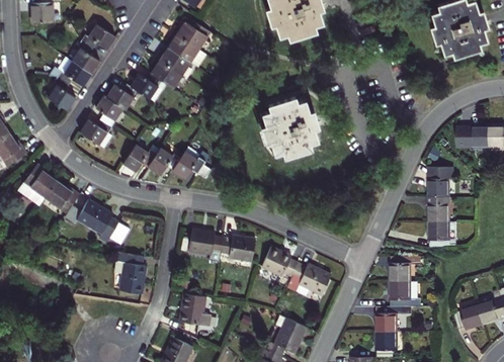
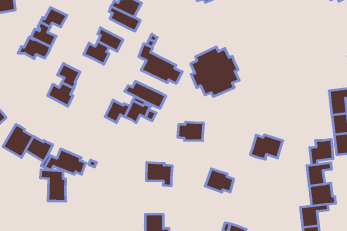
building: [155,47,190,75] -> none
building: [48,77,75,110] -> none
building: none -> [139,44,182,83]
building: [106,84,139,109] -> none
building: none -> [125,81,166,108]
building: [121,145,155,173] -> none
building: none -> [310,139,333,165]
building: [221,236,255,261] -> [178,122,204,141]
building: [114,251,146,293] -> [40,170,66,201]
building: [287,263,330,294] -> [250,135,283,159]

